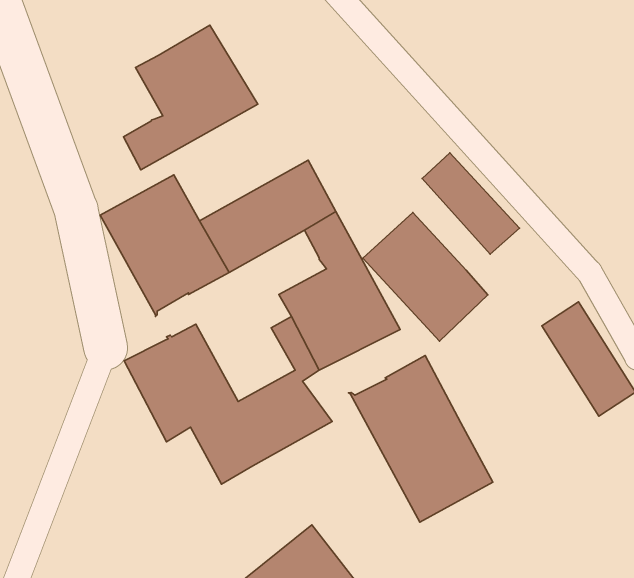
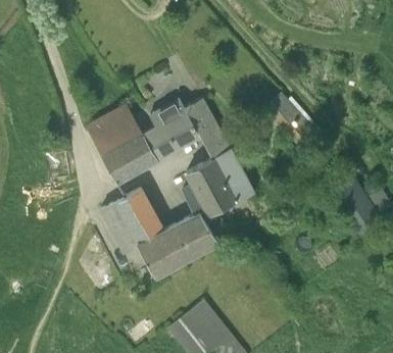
building: [124,25,258,170] -> none
building: [363,212,488,341] -> none
building: [349,356,493,522] -> none

